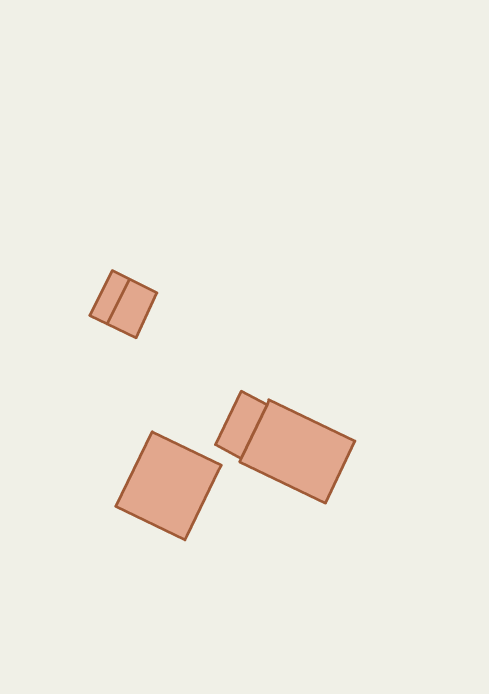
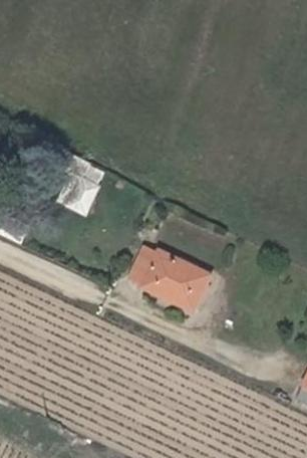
building: [116,432,221,540] -> none

